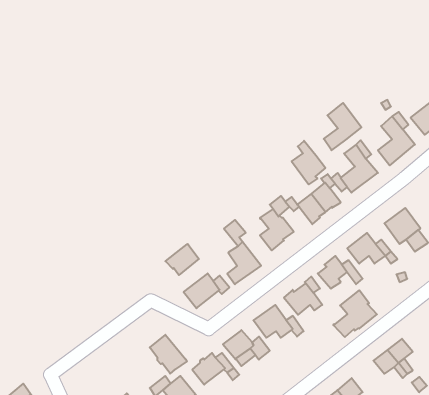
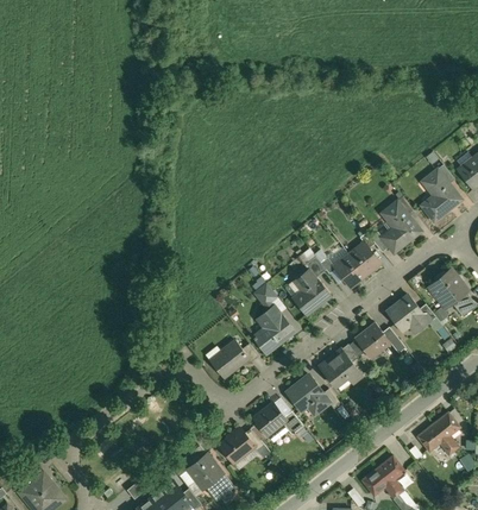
building: [324,103,361,150] -> none
building: [292,141,325,184] -> none
building: [165,244,199,275] -> none
building: [333,290,377,337] -> none
building: [150,335,187,374] -> none

